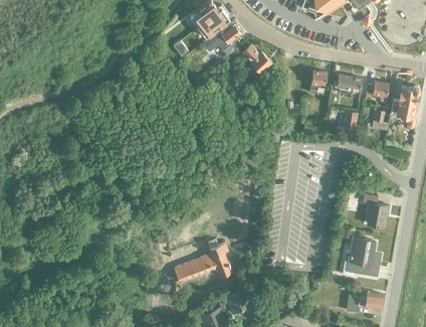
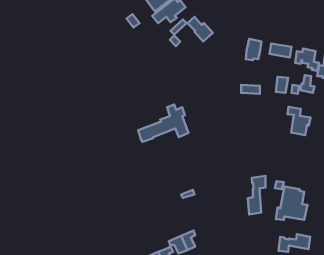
building: [363,194,389,226] -> [288,107,311,135]
building: none -> [248,176,265,214]
building: [174,239,231,282] -> [138,105,188,142]

